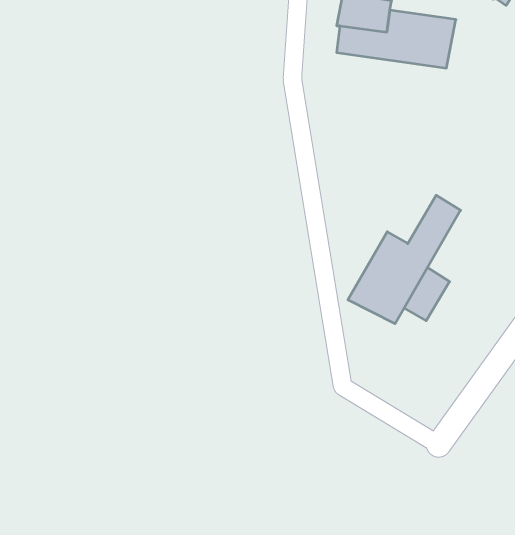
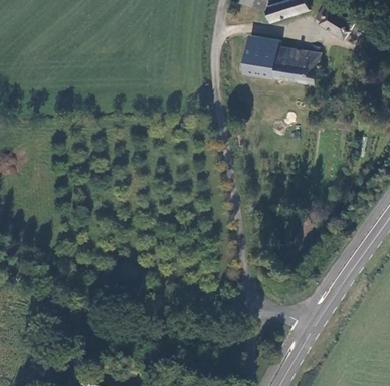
building: [348,195,461,324] -> none

